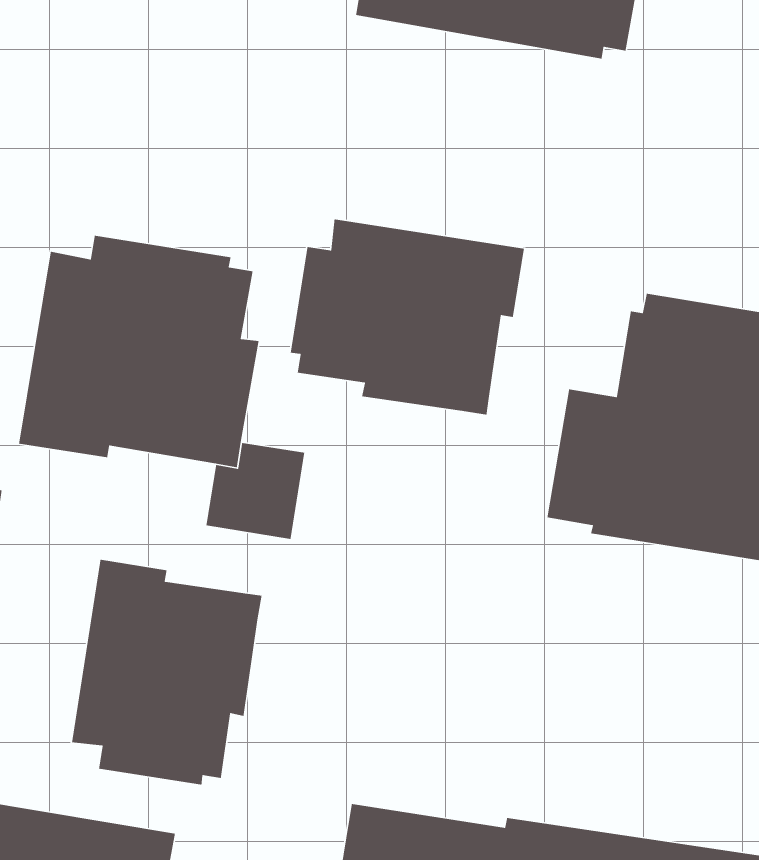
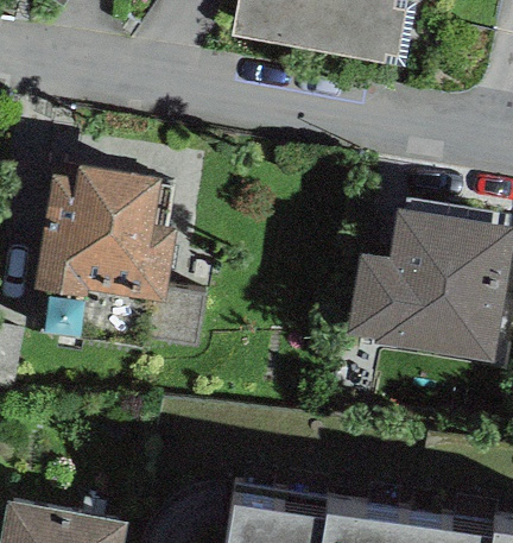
building: [290,218,525,416] -> none
building: [71,559,262,786] -> none

